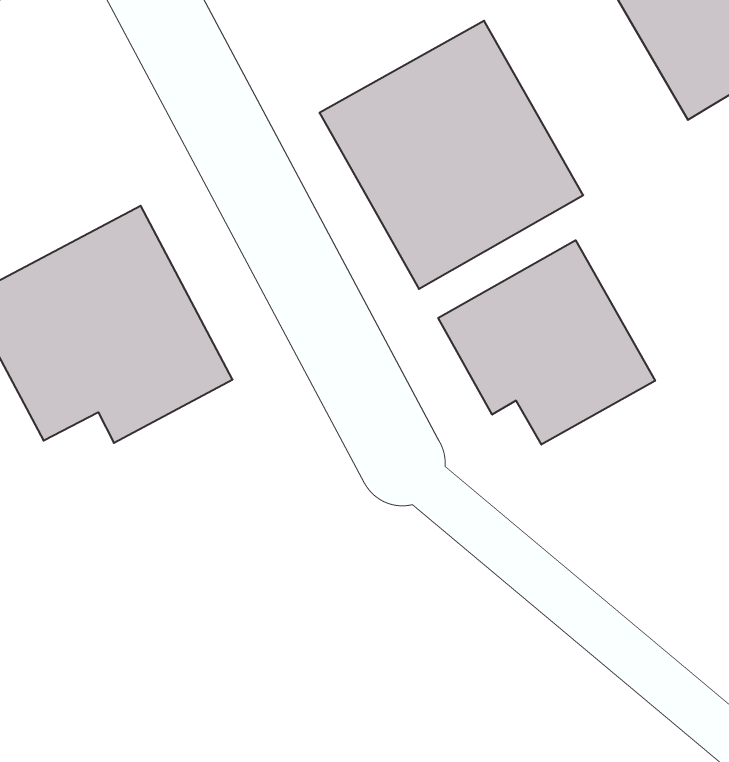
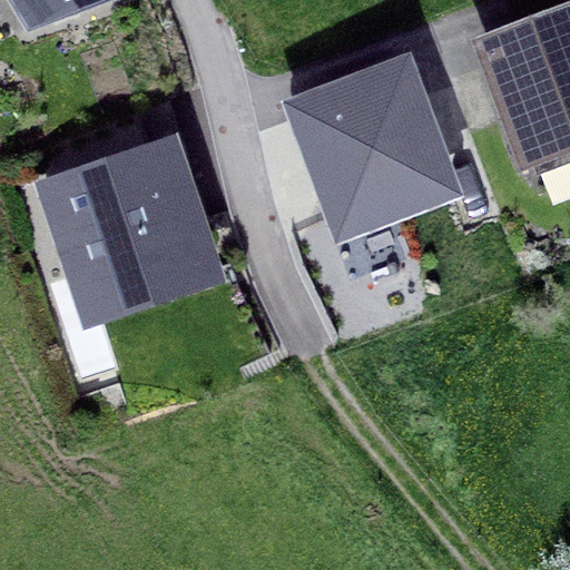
building: [438,240,655,445] -> none

